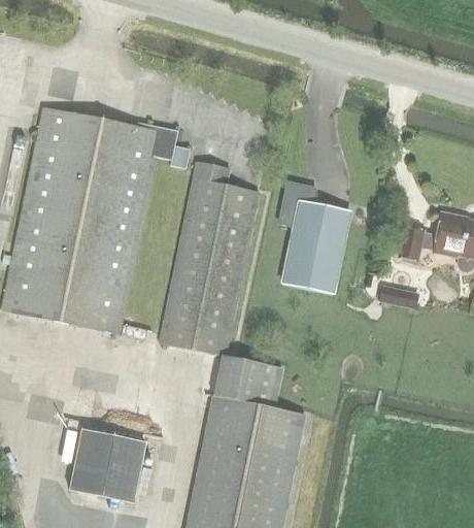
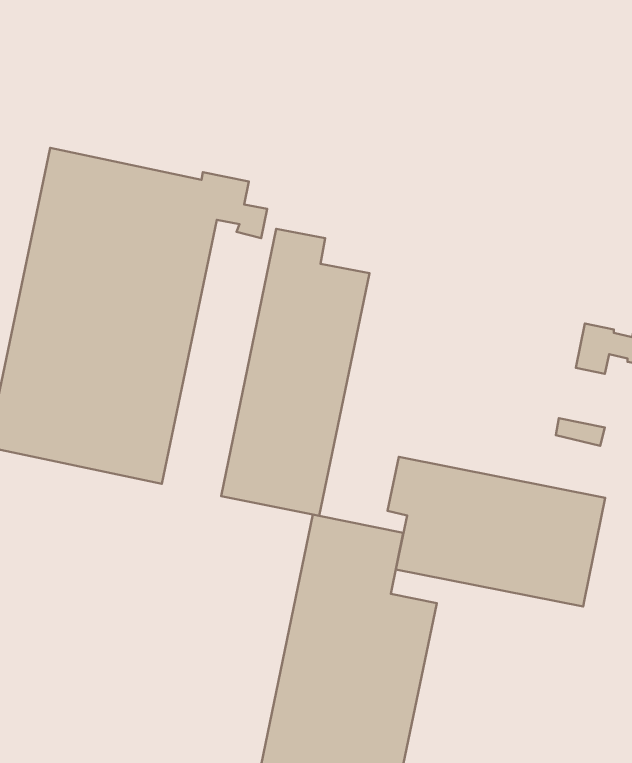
building: [279,182,350,293] -> none
building: none -> [387,457,605,606]
building: [71,428,146,503] -> none

